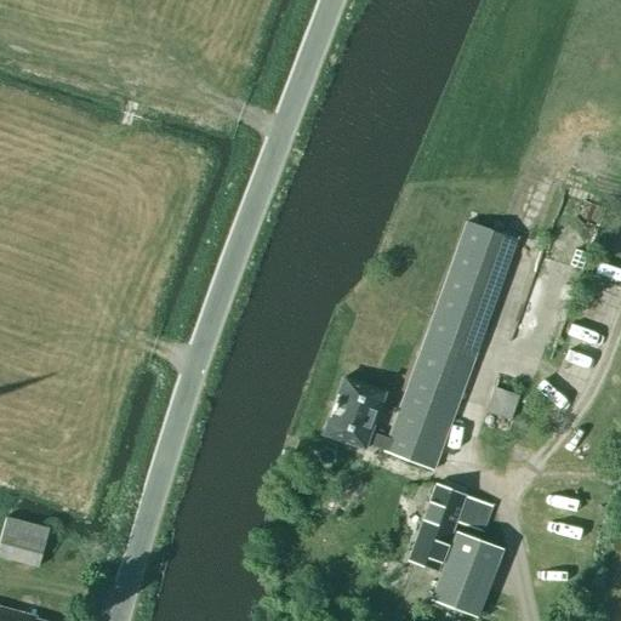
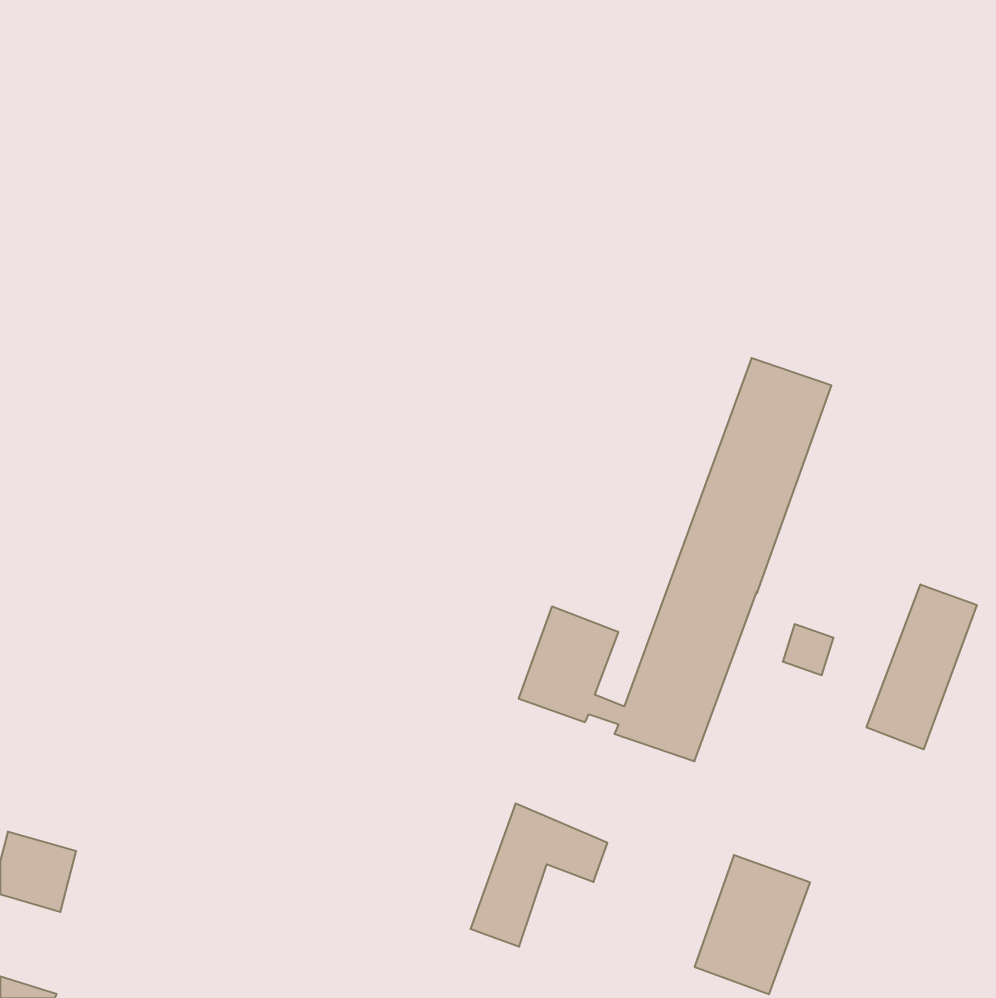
building: none -> [867,584,977,749]
building: [409,482,494,570] -> [470,804,607,947]

